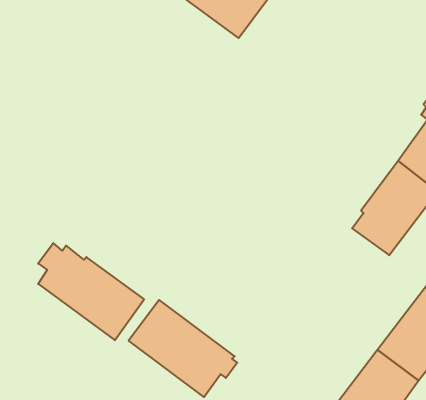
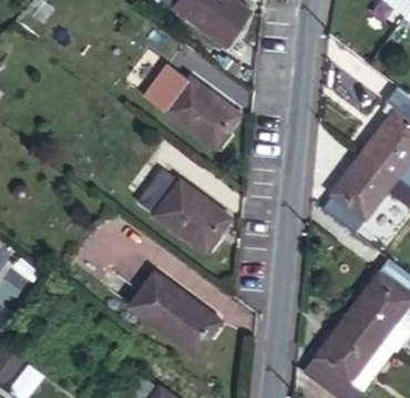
building: none -> [147,69,238,150]
building: [38,243,144,340] -> [139,163,230,247]

